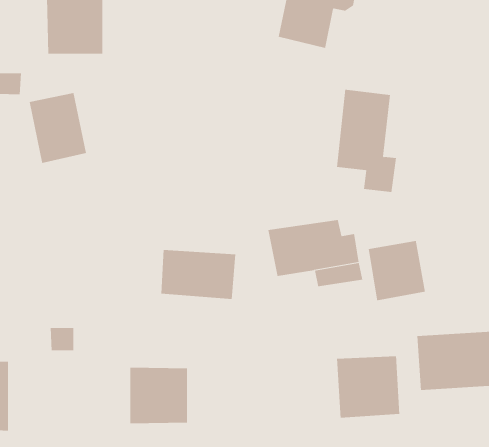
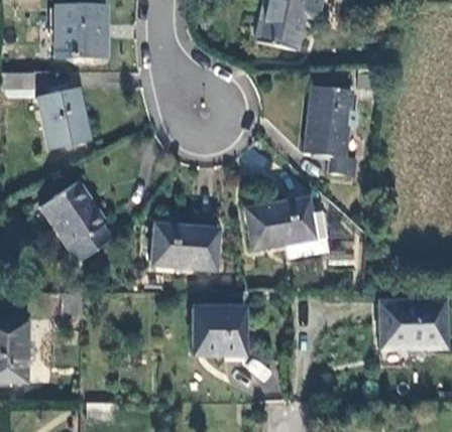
building: none -> [41,183,112,263]
building: [368,240,426,301] -> none
building: [337,355,400,418] -> none
building: [130,367,188,424] -> [191,305,241,354]

